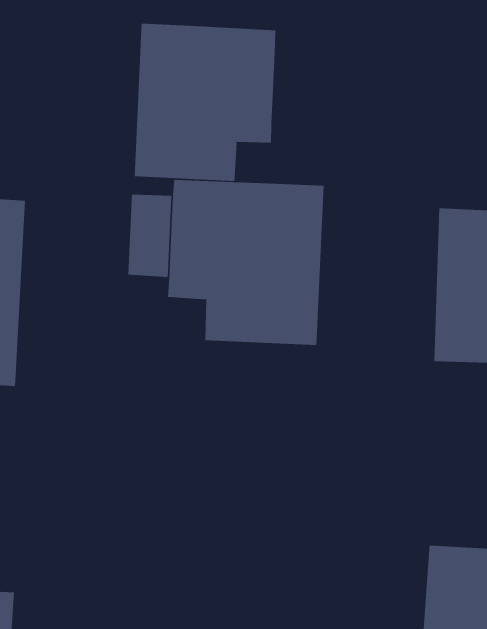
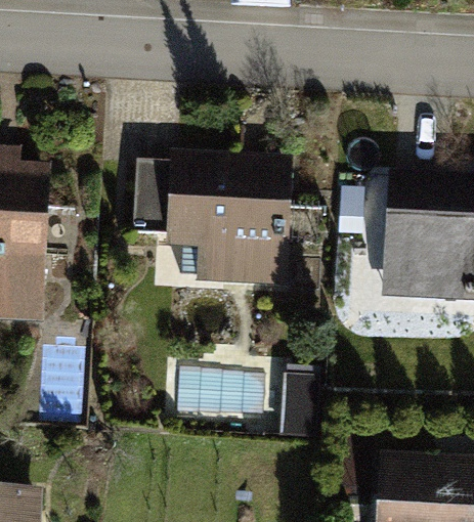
building: [134,23,276,182] -> none

